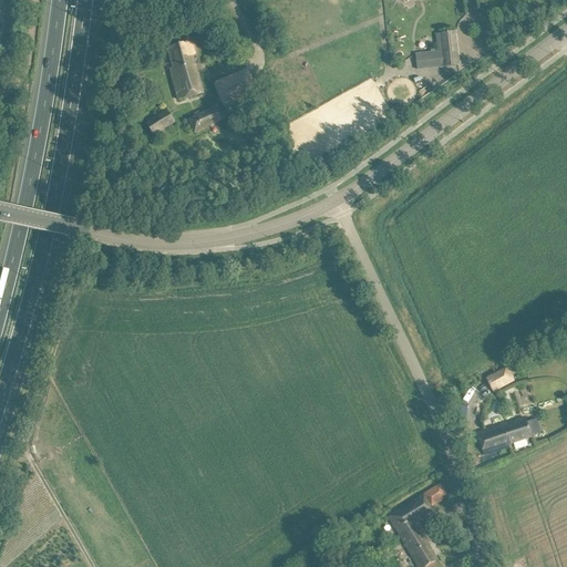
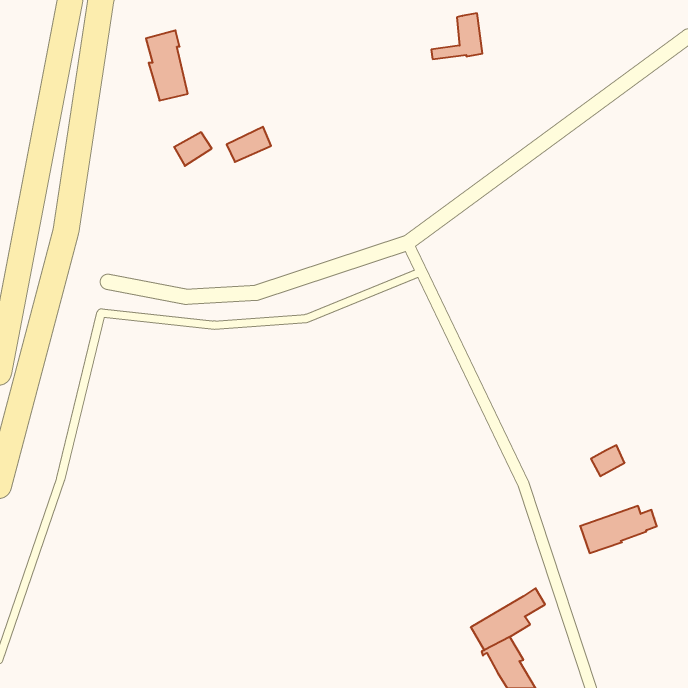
building: [415,31,457,69] -> [431,13,482,59]
building: [166,41,200,99] -> [146,30,188,101]
building: [214,69,255,105] -> none

